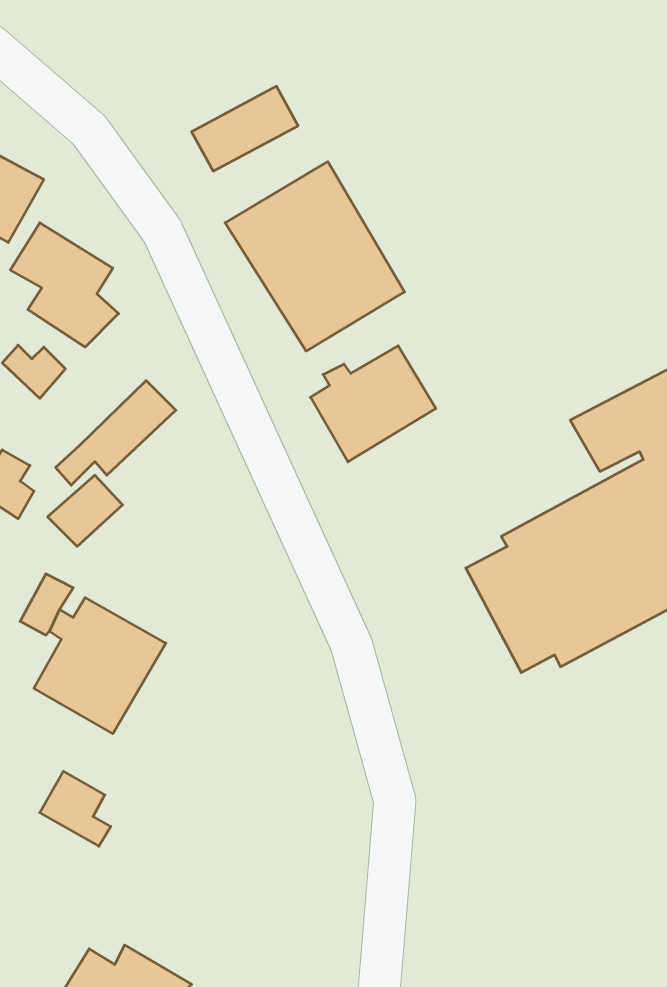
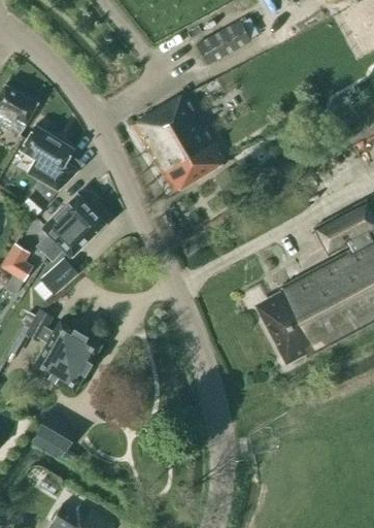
building: [192,86,298,171] -> [195,21,250,65]
building: [310,346,436,462] -> none
building: none -> [36,193,91,253]

